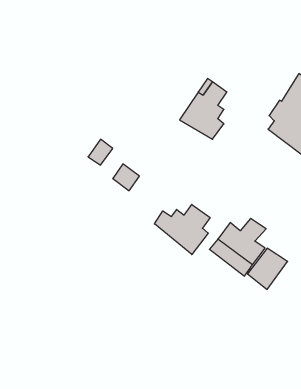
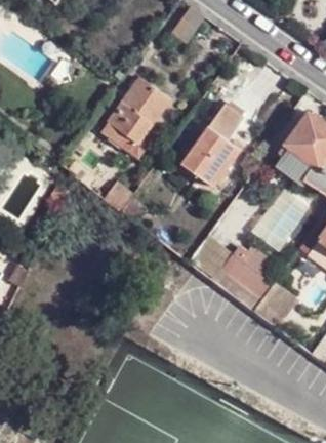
building: none -> [100,80,168,158]
building: [154,204,210,255] -> none

